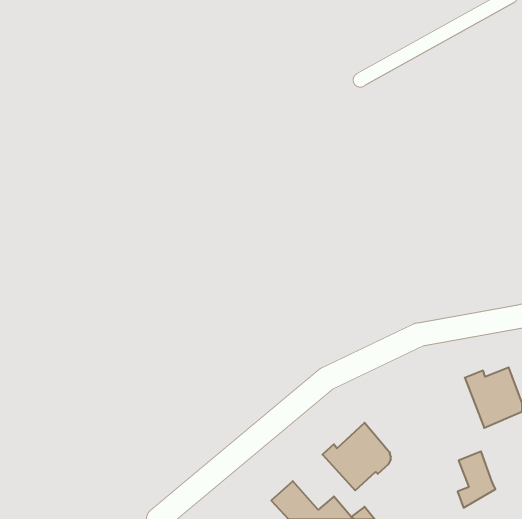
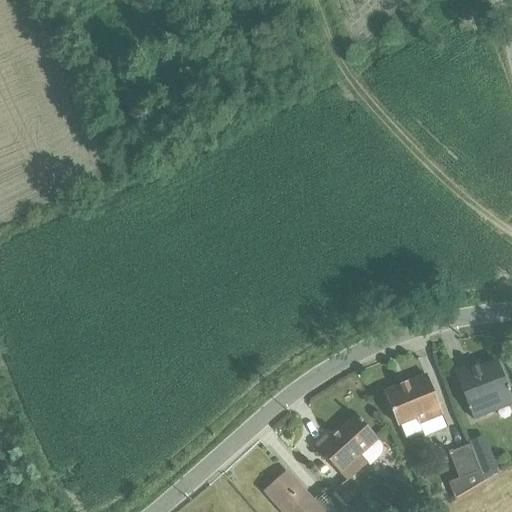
building: none -> [384,373,446,436]
building: none -> [469,432,497,471]

